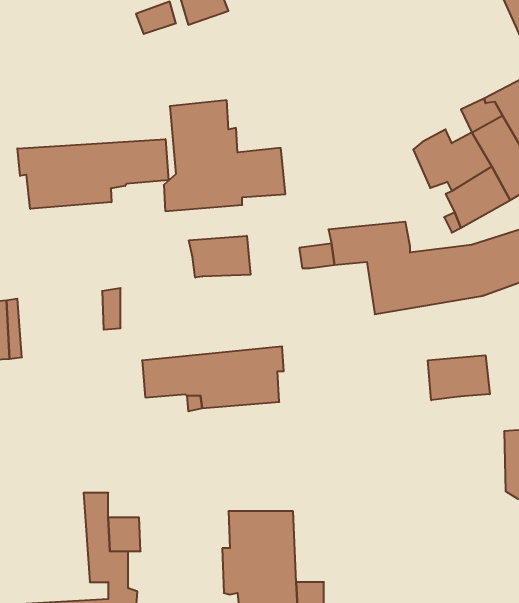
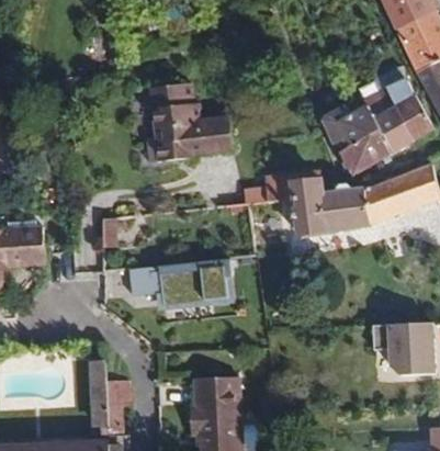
building: [17,139,169,209] -> none
building: [189,236,250,278] -> none
building: [428,355,490,400] -> none

